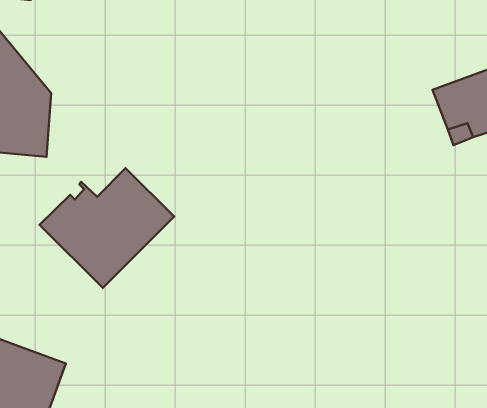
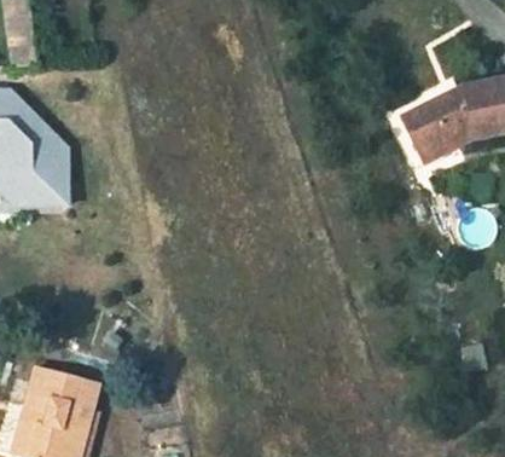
building: [40,168,174,288] -> none

